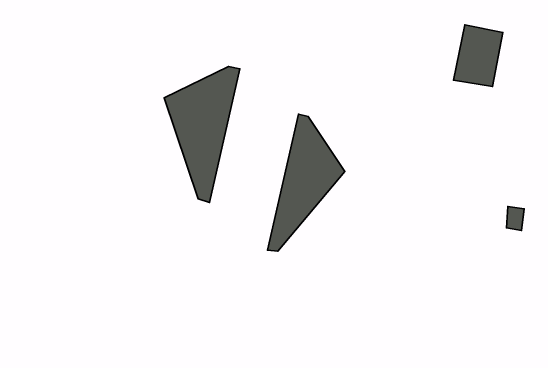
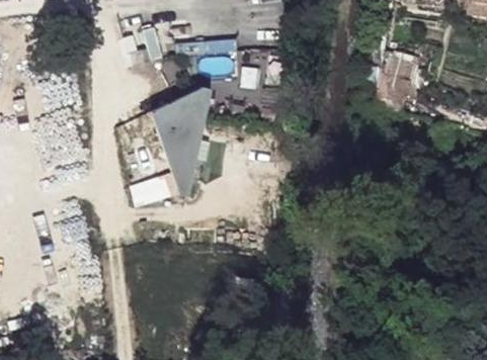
building: [268,114,345,251] -> none

